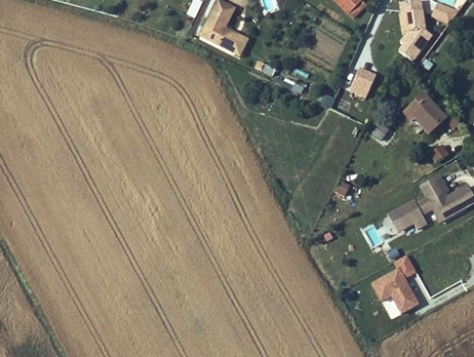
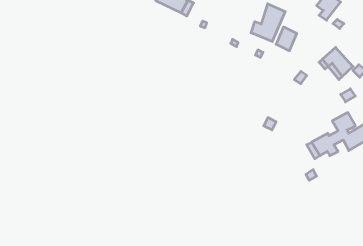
building: none -> [251,4,285,42]
building: [370,266,421,314] -> none

